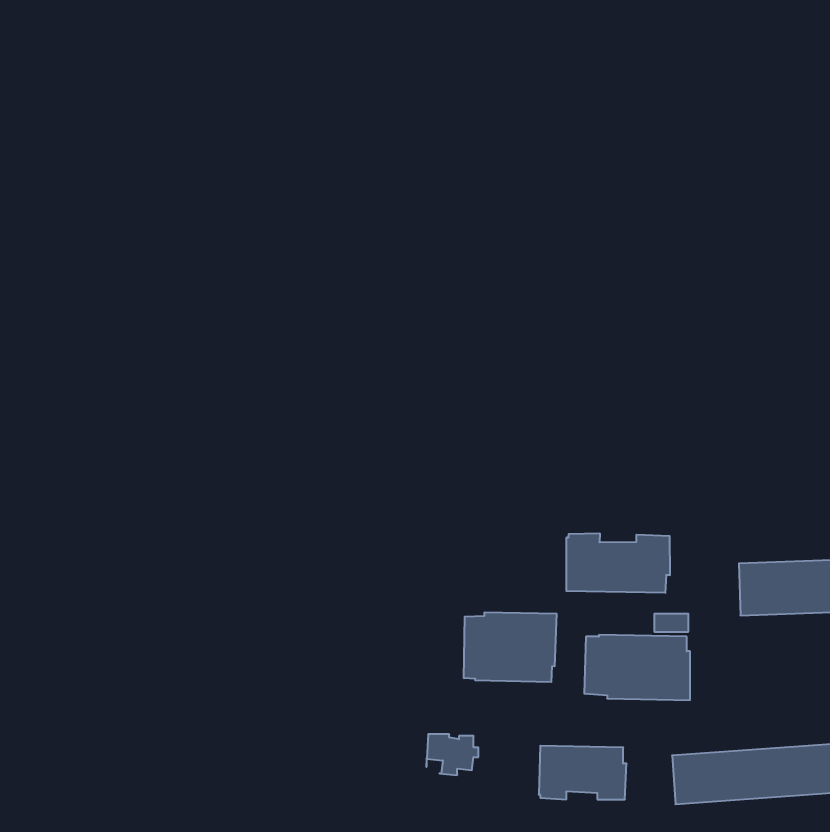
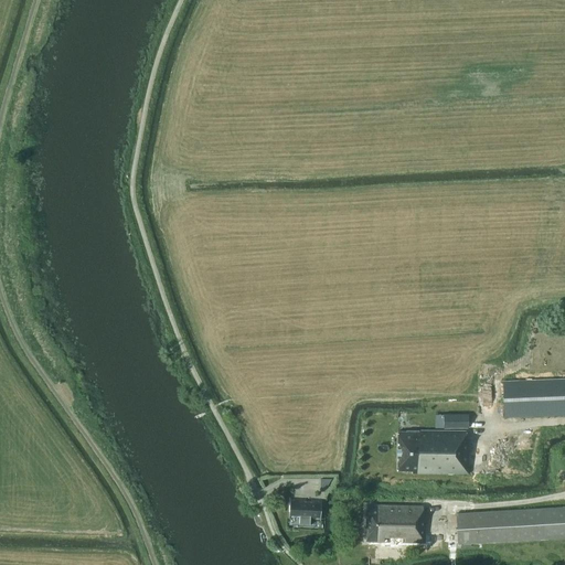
building: [566,533,670,593] -> none
building: [464,612,557,682] -> none

